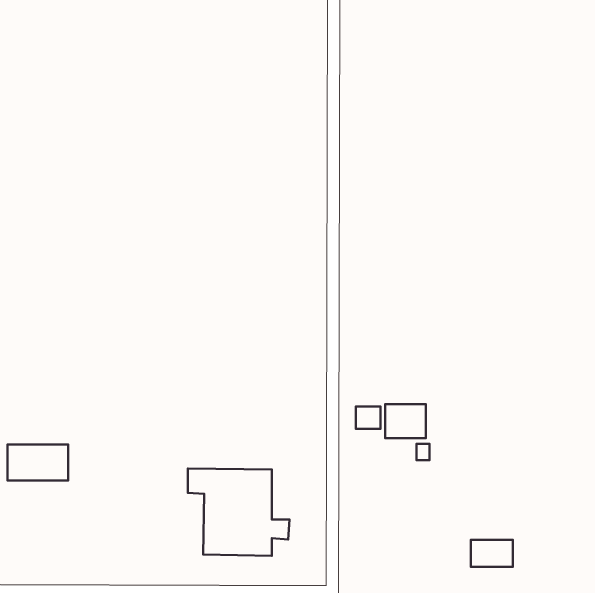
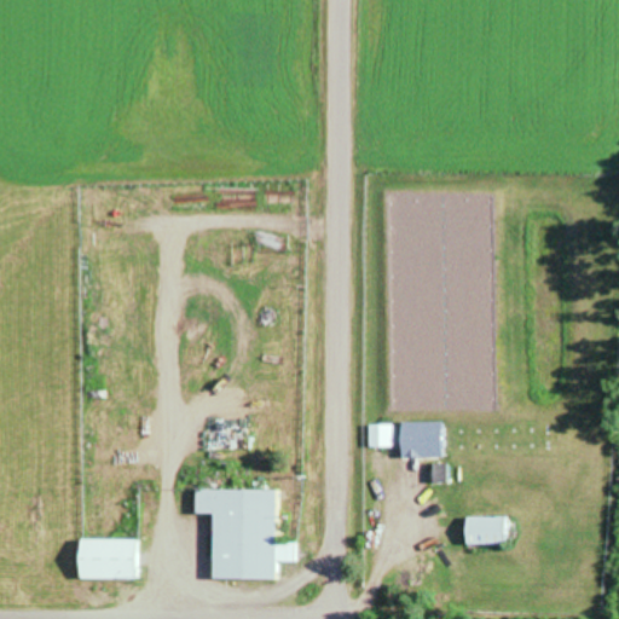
building: [8,444,68,480] -> [77,540,140,578]
building: [471,540,513,567] -> [464,515,508,543]

